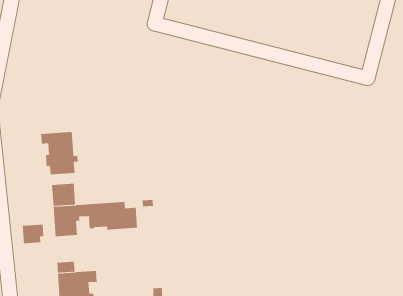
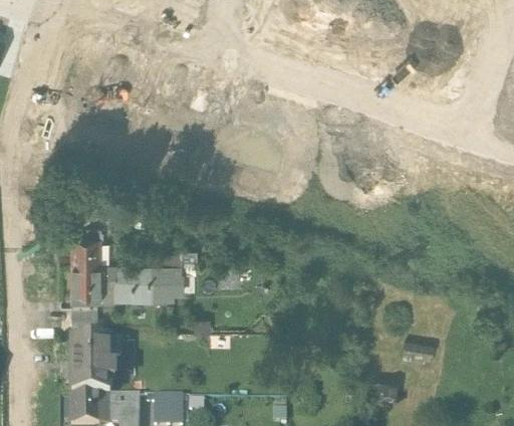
building: [41,131,78,175] -> none
building: [22,224,44,244] -> [71,307,97,330]

